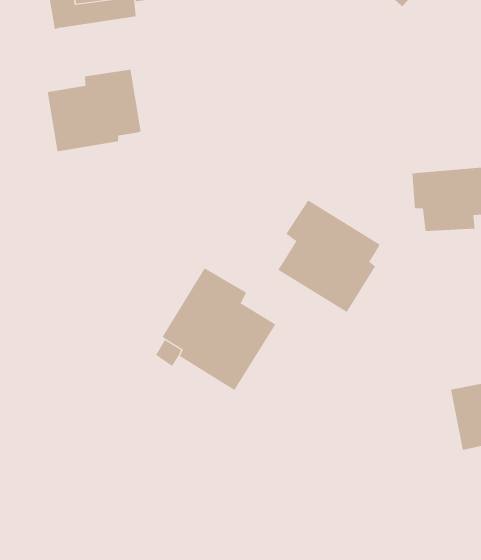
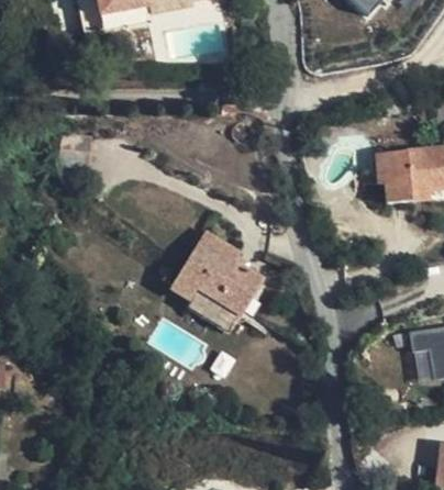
building: [47,69,141,152] -> none
building: [278,199,380,313] -> none

